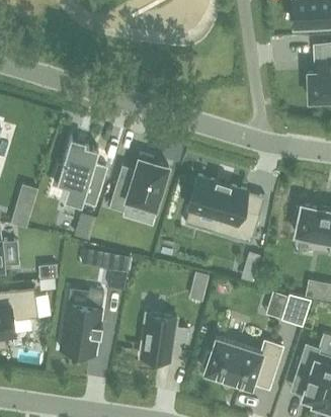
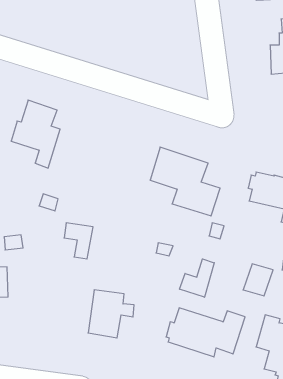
building: [108,155,168,214] -> none
building: none -> [180,259,214,297]
building: [57,295,101,359] -> none

